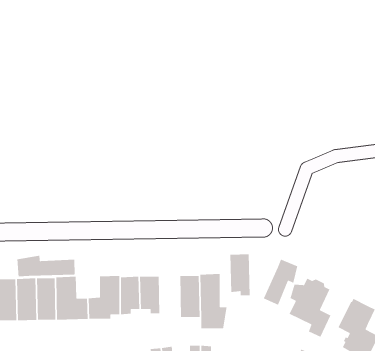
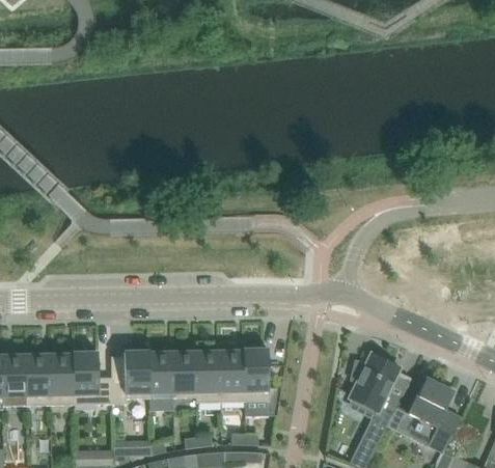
building: [229,253,250,296] -> [195,351,220,402]
building: [16,255,75,277] -> none
building: [262,259,298,306] -> none

